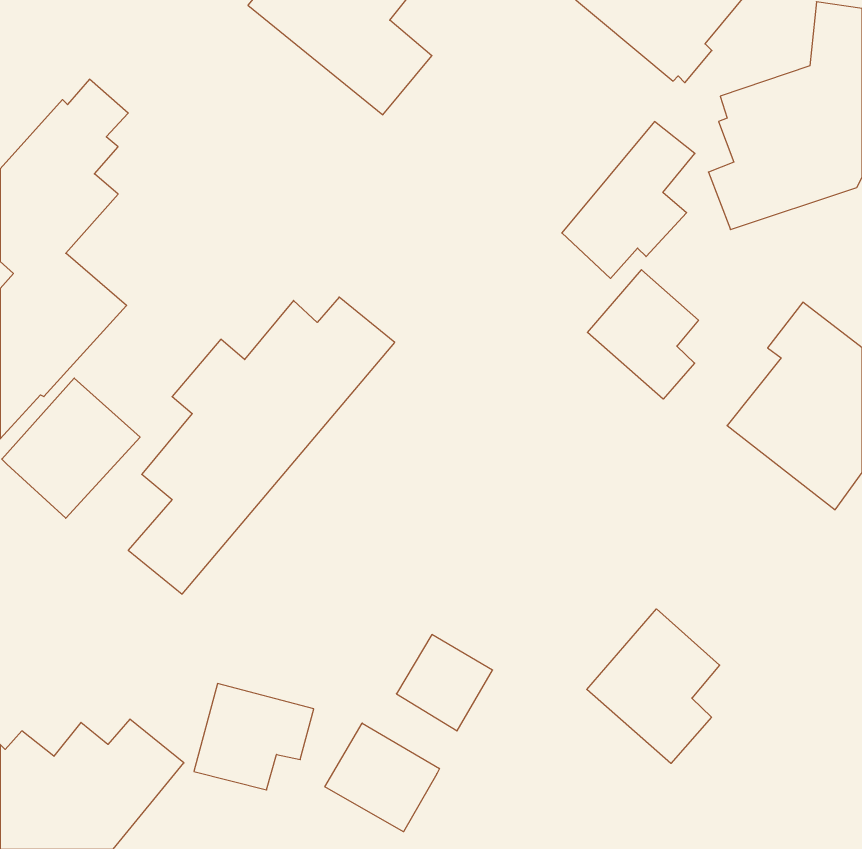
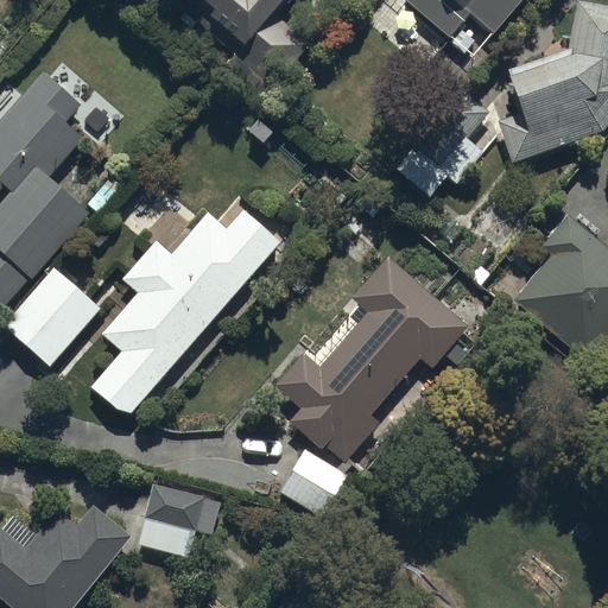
building: [587,270,698,399] -> none
building: none -> [272,254,468,461]
building: [587,609,720,763] -> none
building: [325,723,439,832] -> none

